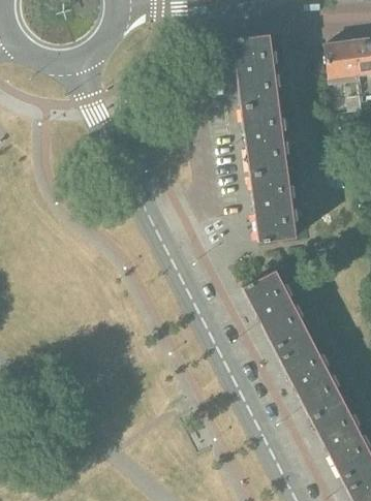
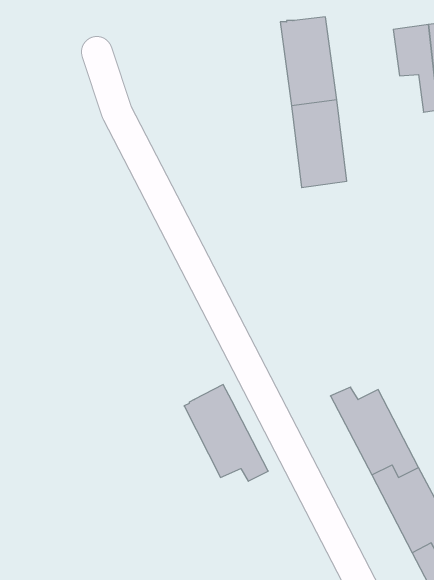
building: [249,169,296,242] -> none
building: [243,270,312,349] -> [184,385,268,481]

